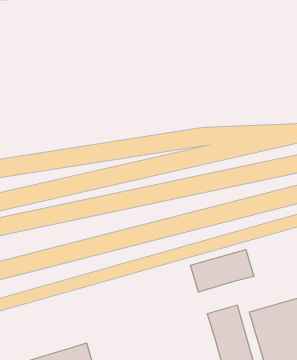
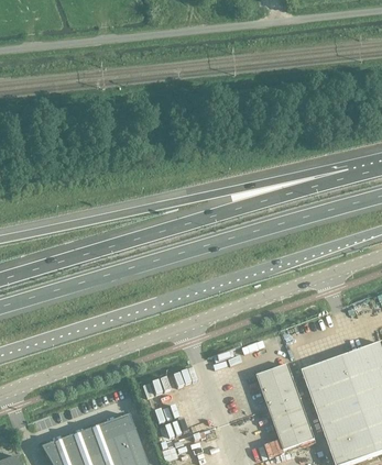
building: [191,249,254,292] -> none

